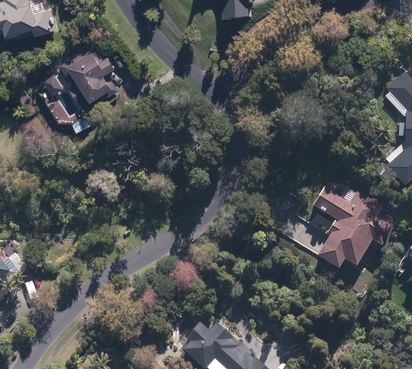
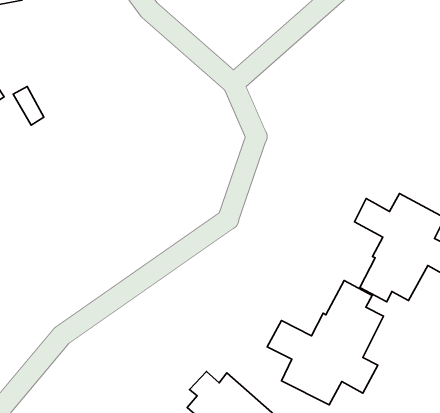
building: [41,45,117,111] -> none
building: none -> [267,281,383,405]

